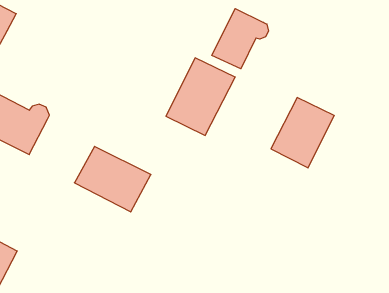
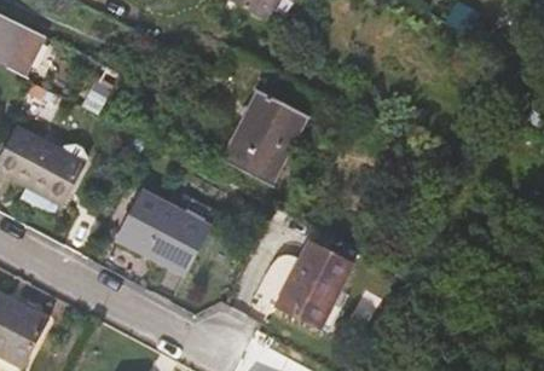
building: [212,9,269,69] -> none
building: [271,98,334,168] -> [277,242,353,326]

